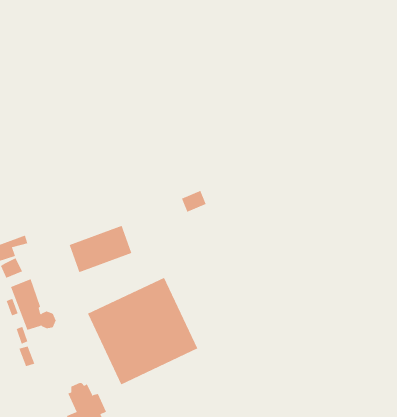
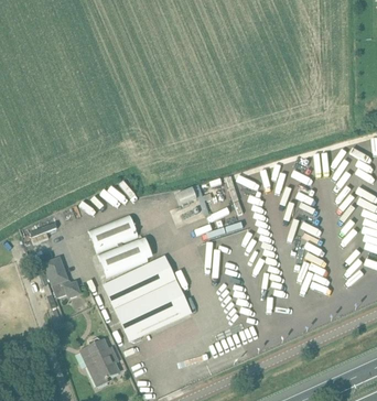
building: none -> [98,237,149,278]

